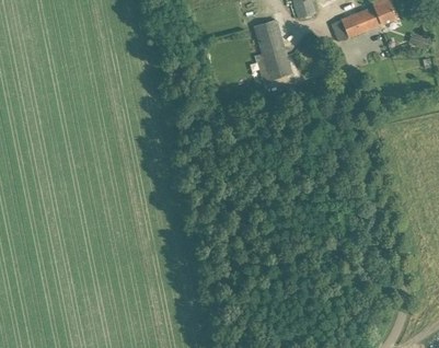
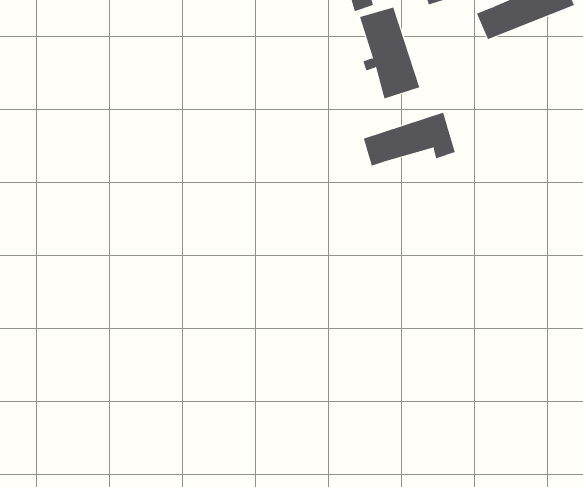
building: none -> [363,112,455,166]

